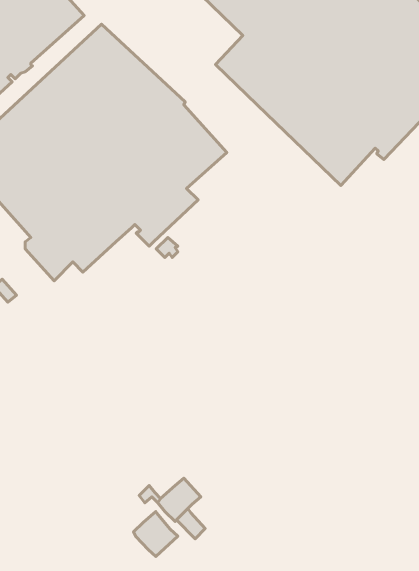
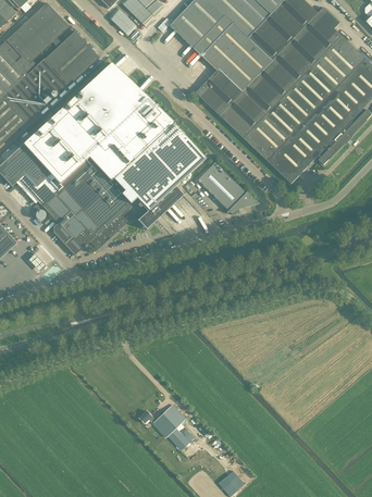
building: none -> [196,161,256,213]
building: [134,512,178,557] -> none

